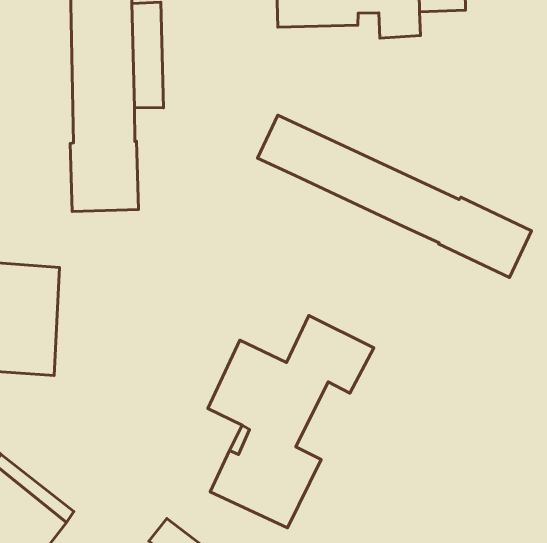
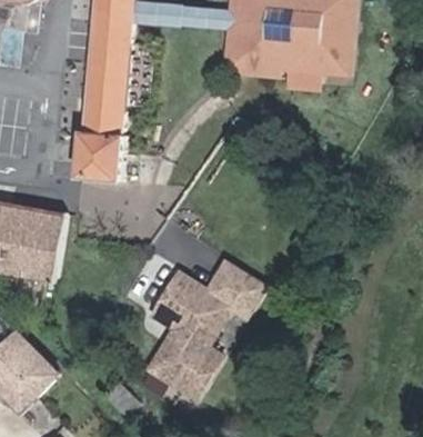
building: [258,115,532,278] -> none

